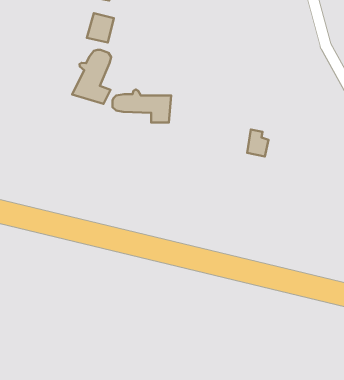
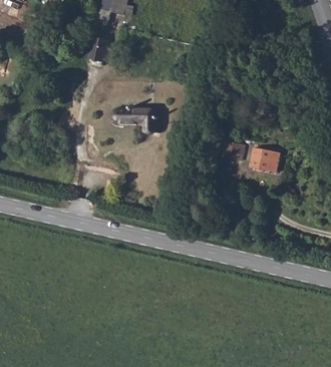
building: [72,50,111,104] -> none
building: none -> [249,147,279,171]

